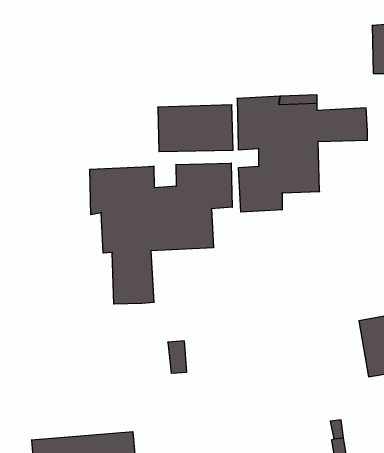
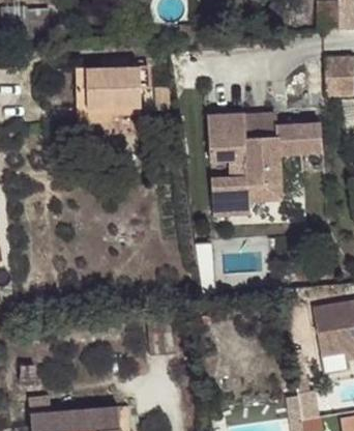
building: [158,105,233,152] -> [75,66,140,107]
building: [90,163,232,304] -> none

